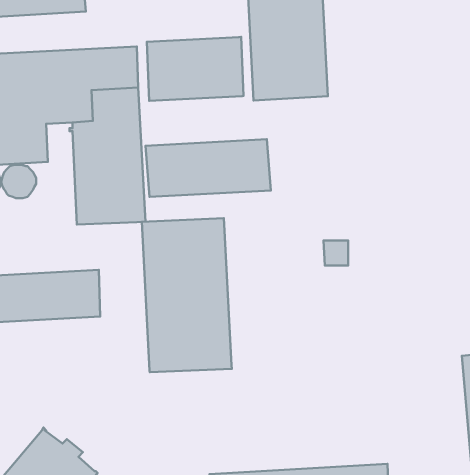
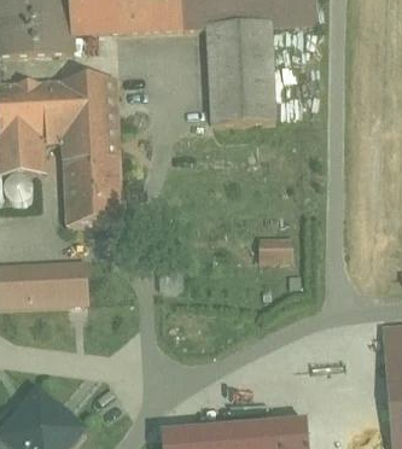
building: [147,37,243,101] -> none
building: [145,139,271,197] -> none
building: [142,218,232,372] -> none

